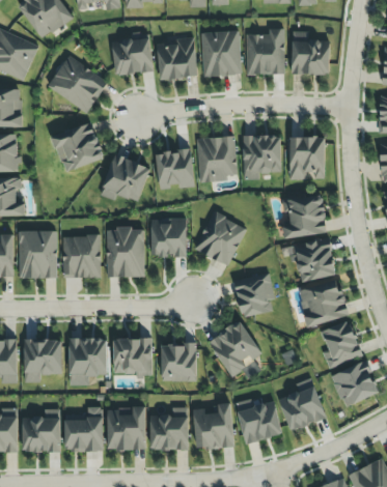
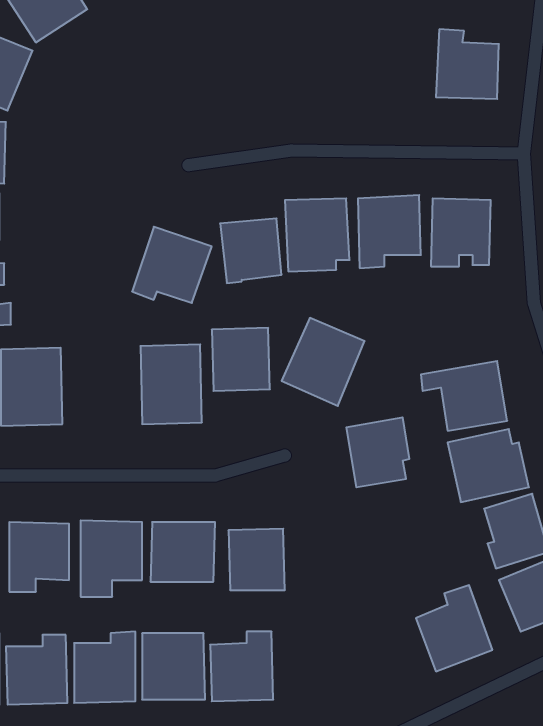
building: [245,27,284,74] -> none
building: [200,30,241,76] -> none
building: [111,36,154,75] -> none
building: [157,38,196,79] -> none
building: [47,54,108,112] -> none
building: [52,121,104,171] -> none
building: [281,195,326,237] -> none
building: [61,234,101,277] -> none
building: [208,319,262,375] -> none
building: [236,398,282,442] -> none
building: [192,402,234,450] -> none

